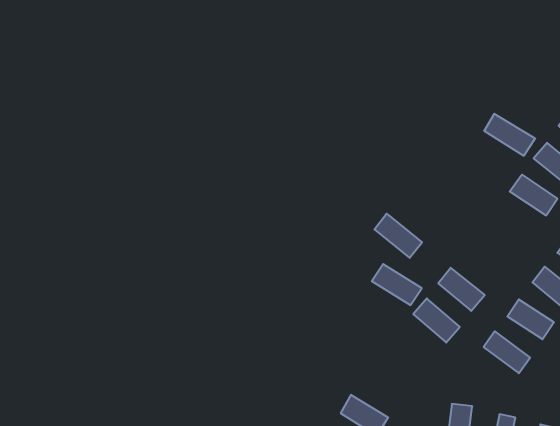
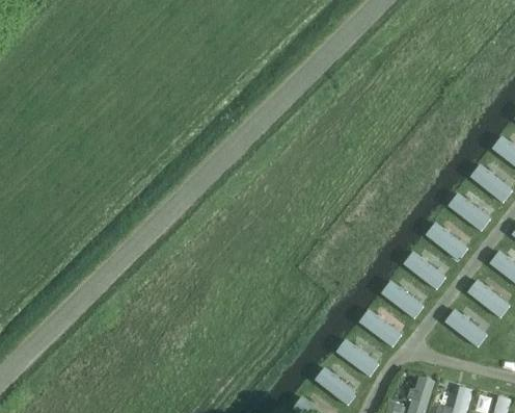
building: [484,114,535,156] -> [446,193,493,232]
building: [374,214,422,258] -> [425,222,468,262]
building: [372,264,422,305] -> [357,310,403,347]
building: none -> [335,337,382,378]

